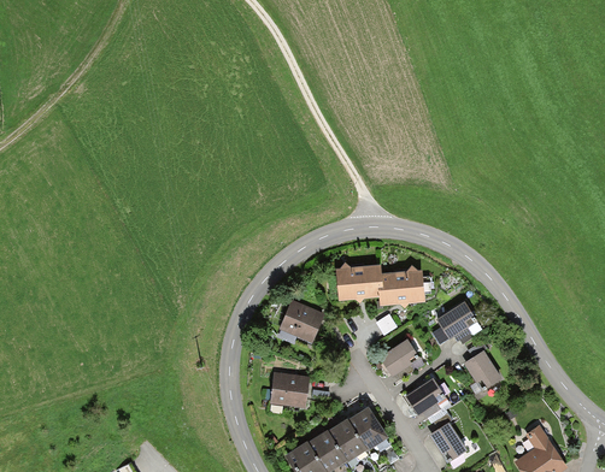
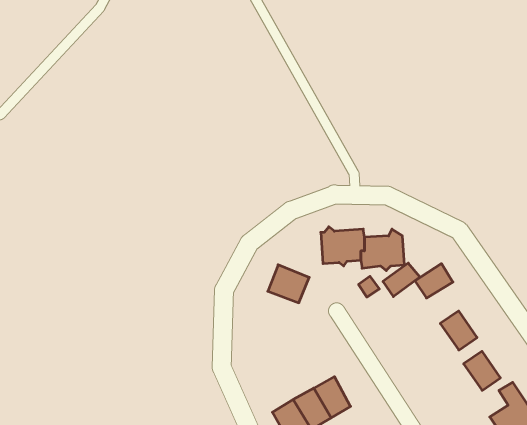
building: [377,338,416,373] -> [383,263,420,297]
building: [271,372,310,408] -> none
building: [403,377,441,414] -> none
building: [351,407,388,449] -> none
building: [428,420,466,461] -> [464,351,500,390]

